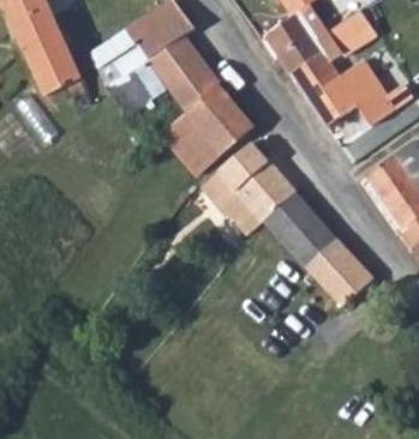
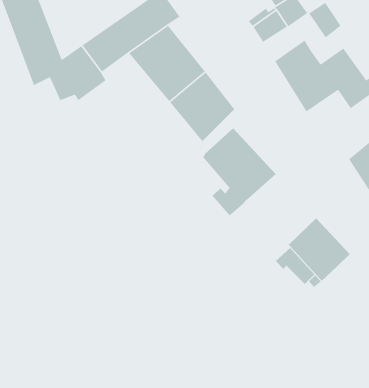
building: [280,23,346,73] -> none
building: [160,116,216,176] -> none
building: [263,192,336,266] -> none

